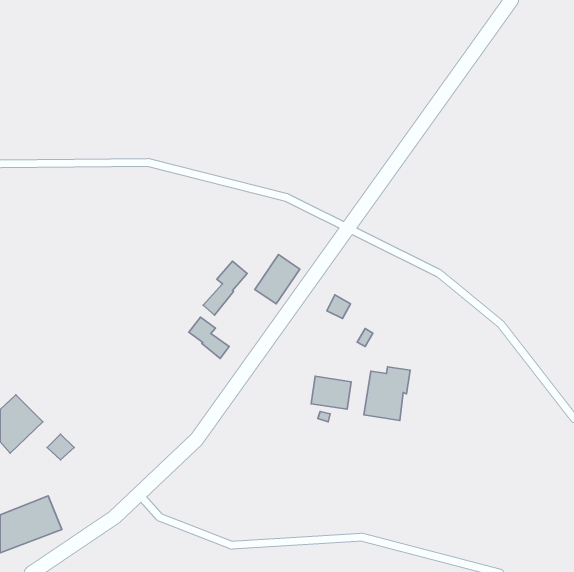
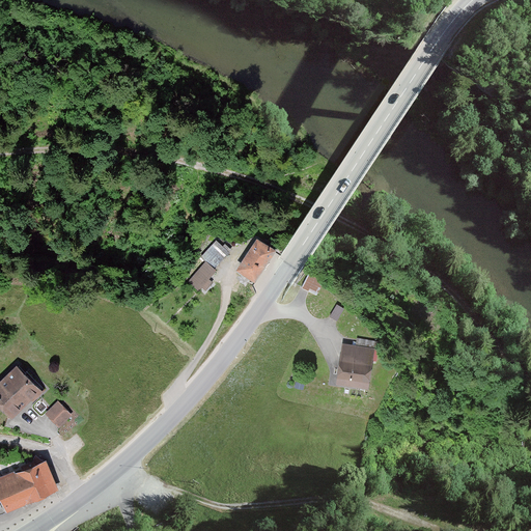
building: [189,317,229,358] -> none
building: [311,376,351,409] -> none

